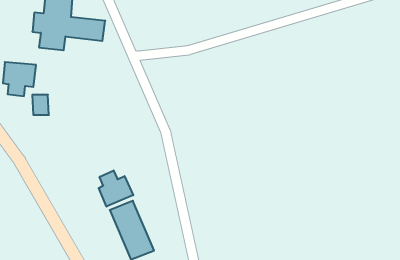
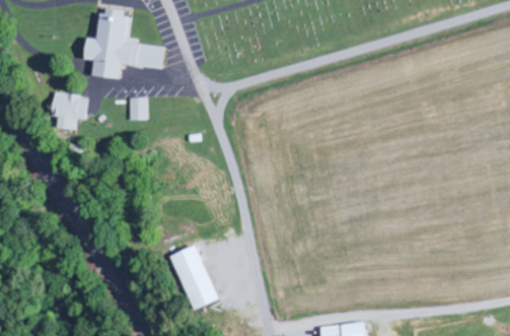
building: [32,95,49,115] -> [129,97,147,120]
building: [99,170,133,207] -> none

